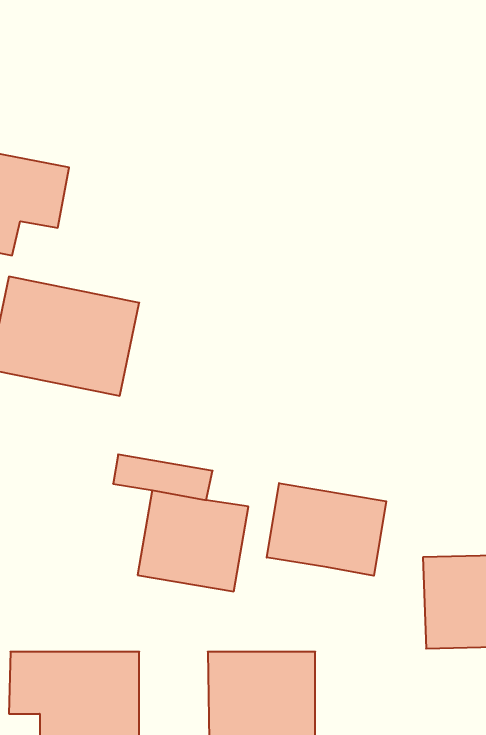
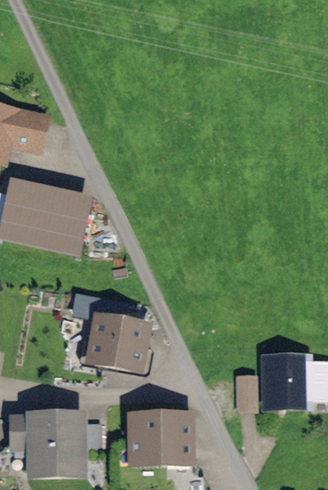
building: [267,483,386,576] -> none
building: none -> [237,374,259,409]

